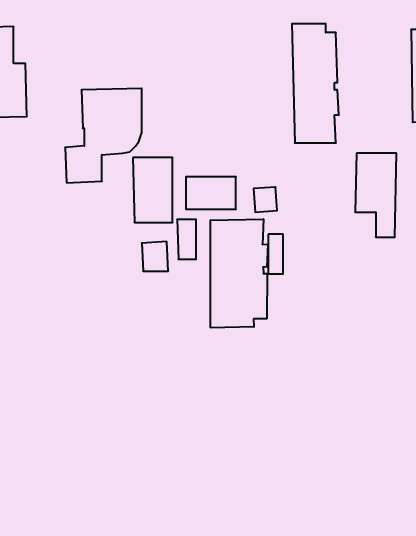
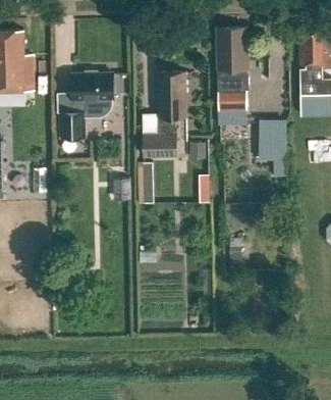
building: [133,158,173,222] -> [158,74,185,119]
building: [211,219,268,328] -> none

